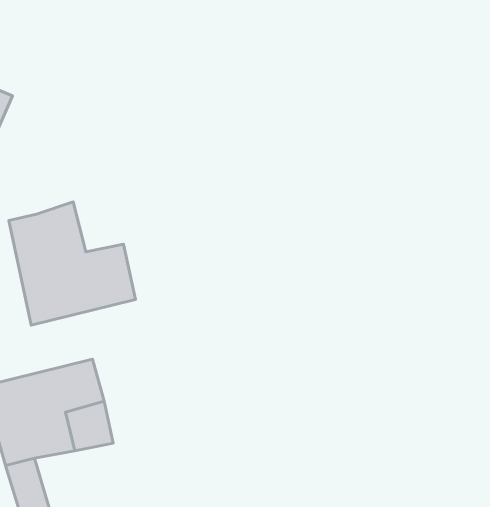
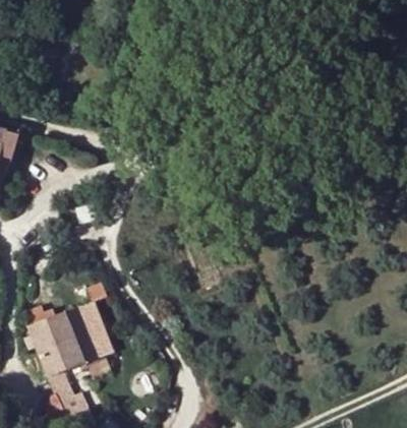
building: [9,202,135,325] -> none

